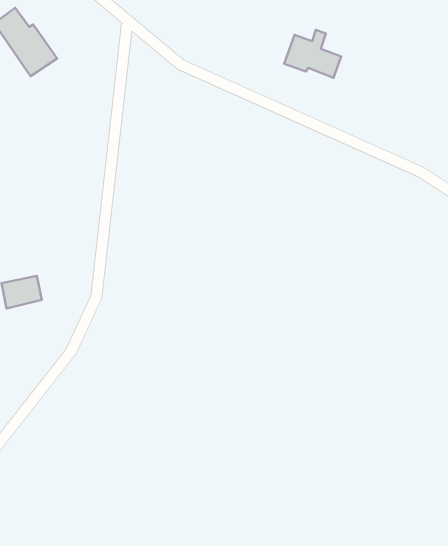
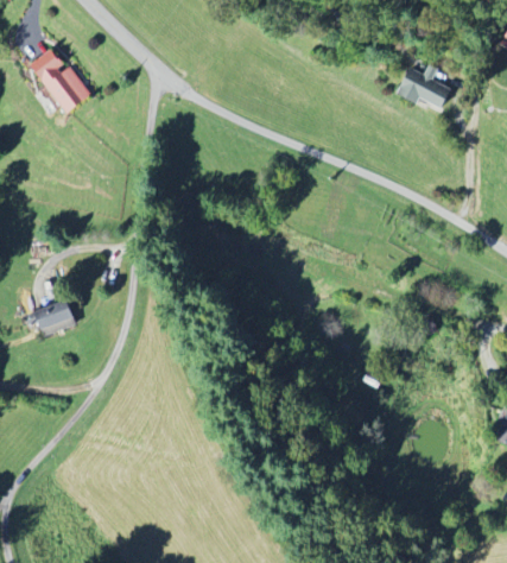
building: [284,30,341,78] -> [397,63,450,108]

